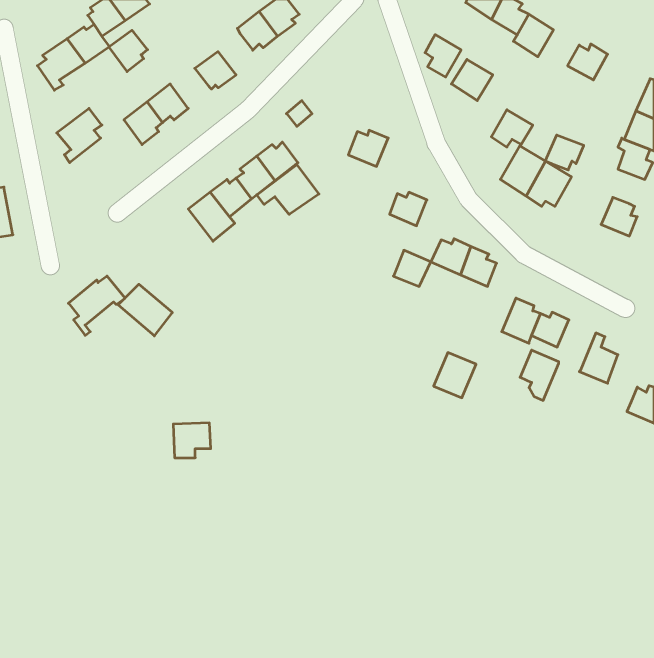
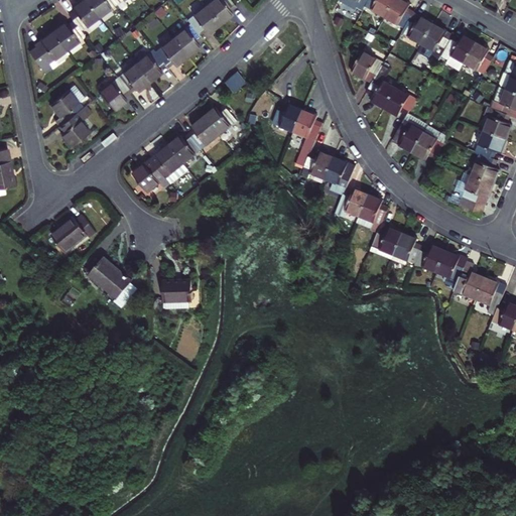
building: none -> [420,23,453,60]
building: [109,30,148,72] -> [133,52,163,85]
building: none -> [170,26,200,58]
building: [425,35,461,77] -> [368,74,396,107]
building: none -> [464,42,493,75]
building: [545,135,584,170] -> [474,132,504,159]
building: none -> [54,108,85,147]
building: none -> [294,108,322,151]
building: [257,164,319,214] -> none
building: none -> [128,163,166,198]
building: none -> [458,175,492,218]
building: [393,250,431,286] -> [326,156,355,184]
building: [118,284,172,336] -> [88,259,130,299]
building: [520,350,559,400] -> [435,250,466,289]
building: [434,353,476,398] -> [370,224,403,259]
building: none -> [475,277,504,314]
building: [173,423,211,458] -> [163,282,192,309]

